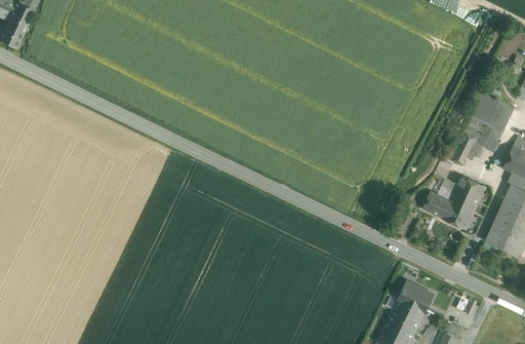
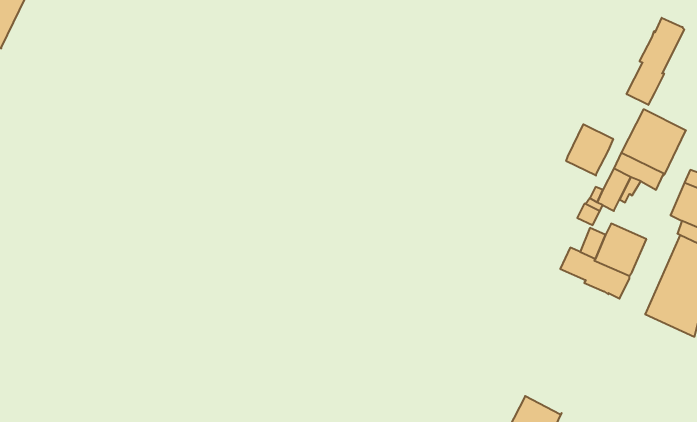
building: none -> [627,18,684,105]
building: none -> [566,124,613,176]
building: [398,281,433,313] -> none

